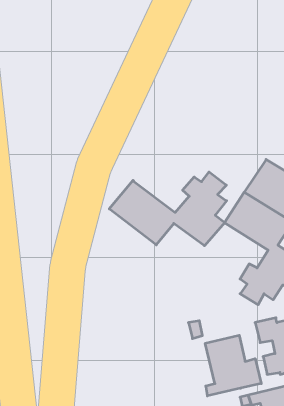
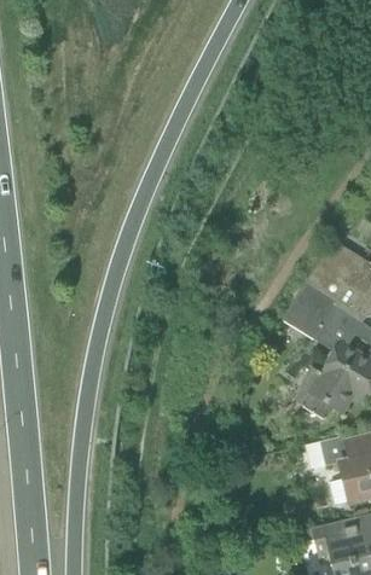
building: [109,172,227,246] -> none
building: [205,335,261,396] -> none

